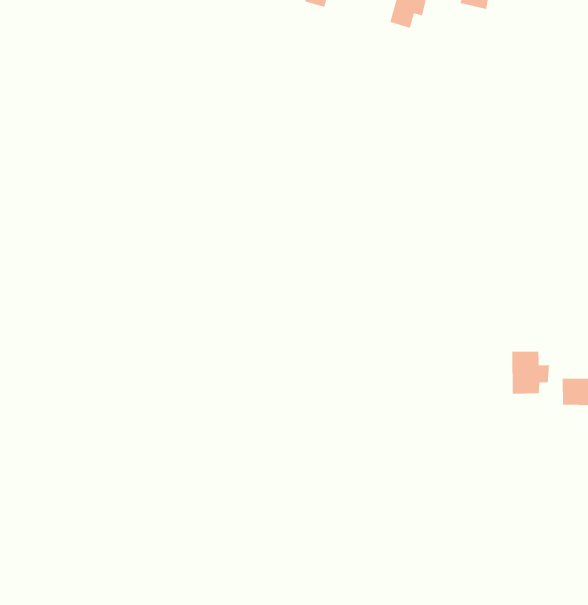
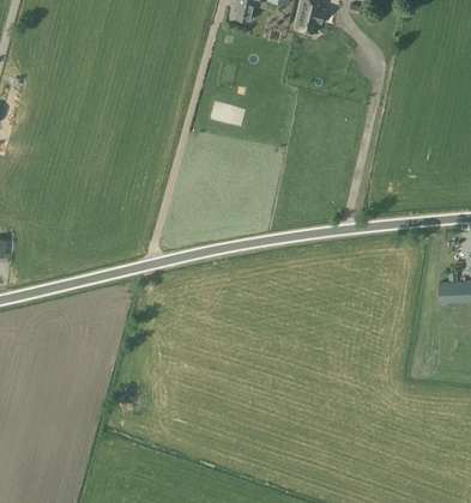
building: [512,351,549,394] -> none

